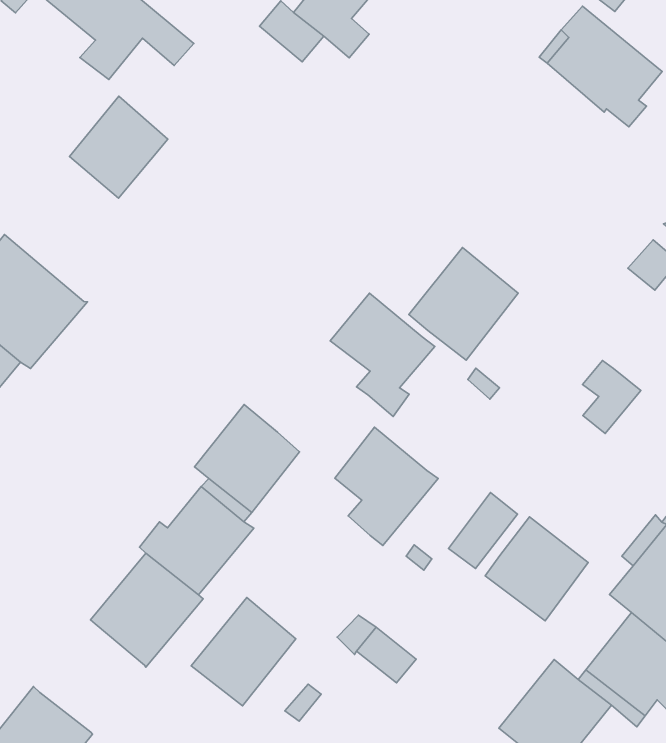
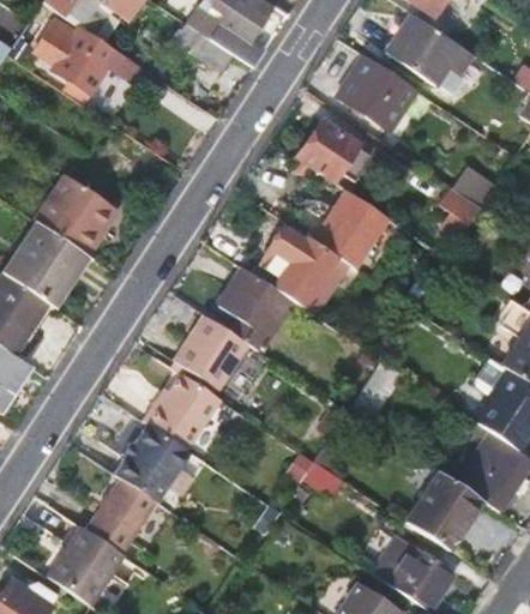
building: none -> [336,56,416,134]
building: [69,96,168,198] -> [49,185,116,255]
building: none -> [295,121,369,182]
building: [583,361,641,433] -> [441,188,482,239]
building: [335,427,438,545] -> [218,269,290,350]
building: [485,517,588,621] -> none
building: [191,597,296,706] -> [84,478,155,554]

